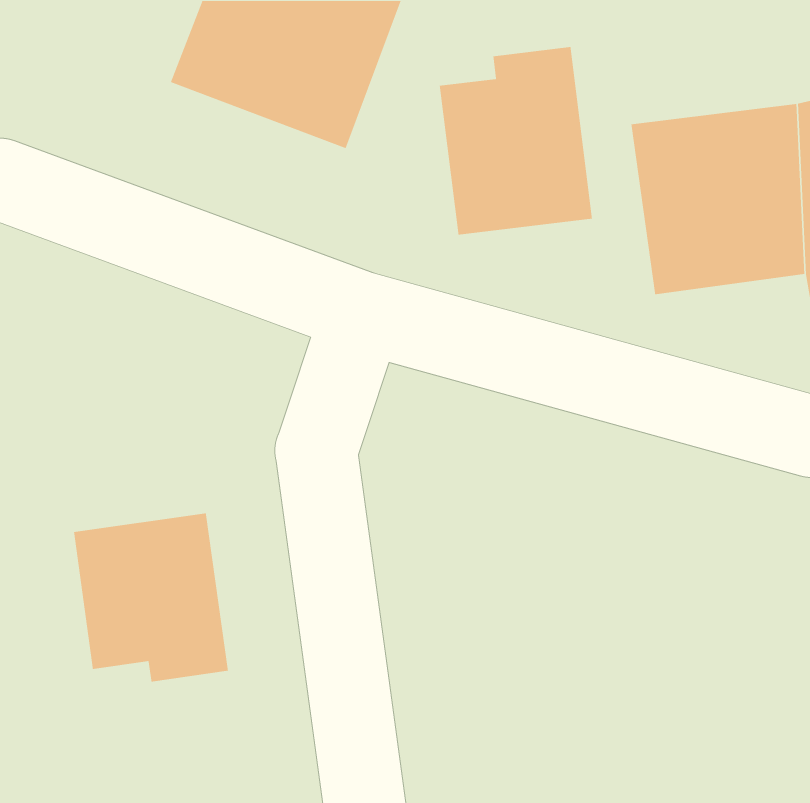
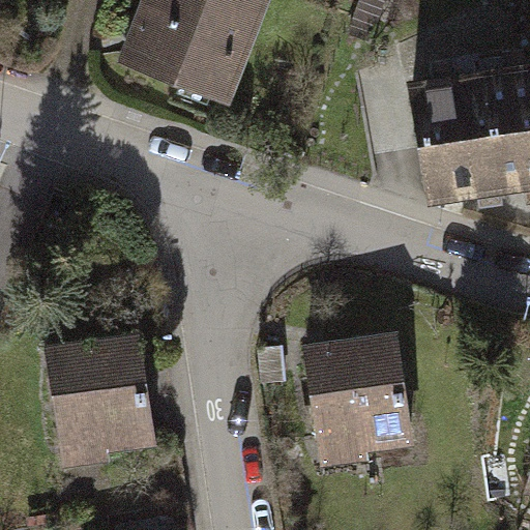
building: [439,46,593,236] -> none
building: none -> [308,340,408,449]

